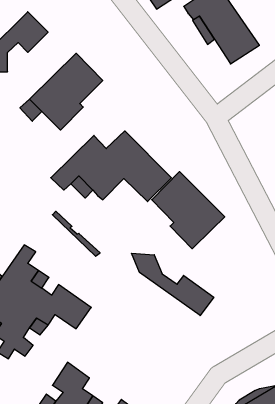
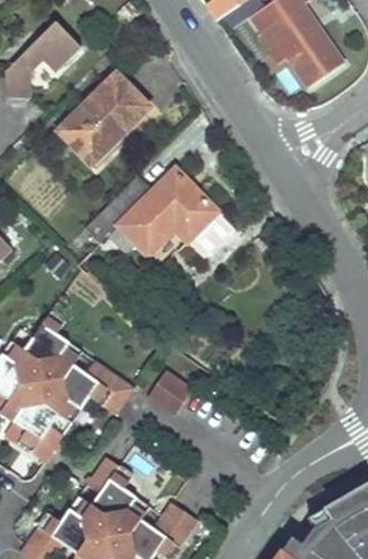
building: [152,172,225,249] -> none
building: [132,253,214,316] -> none
building: none -> [147,370,193,415]

